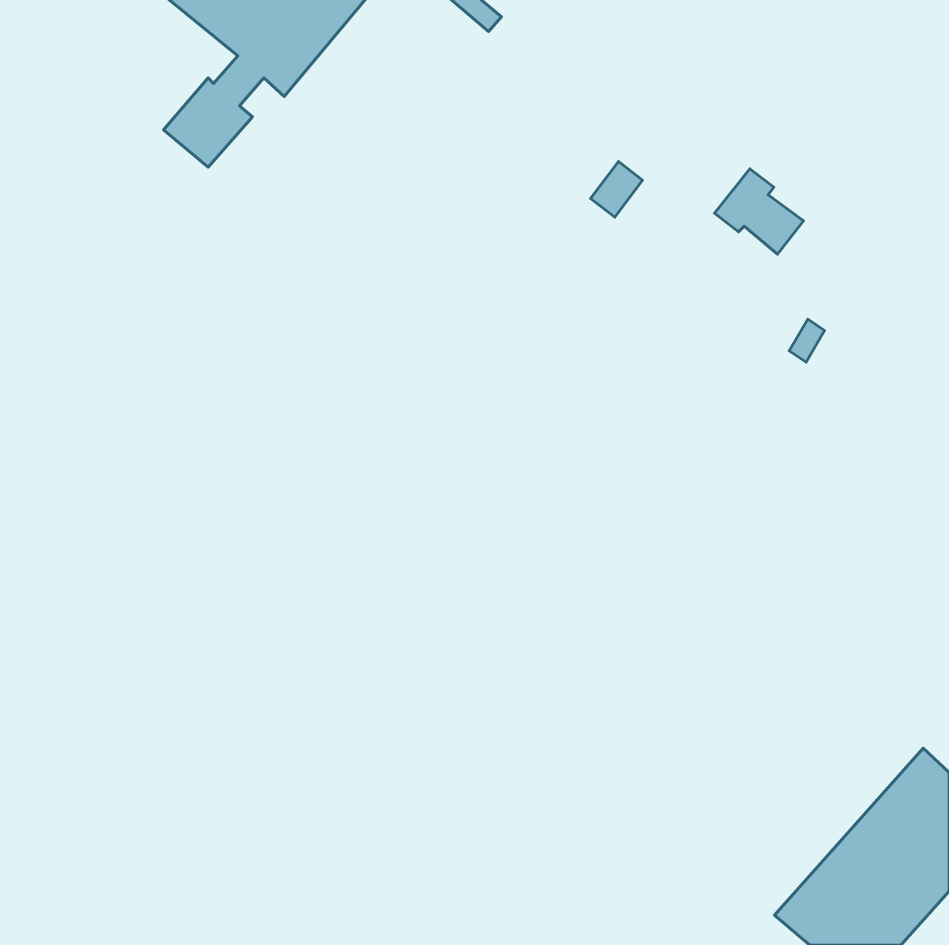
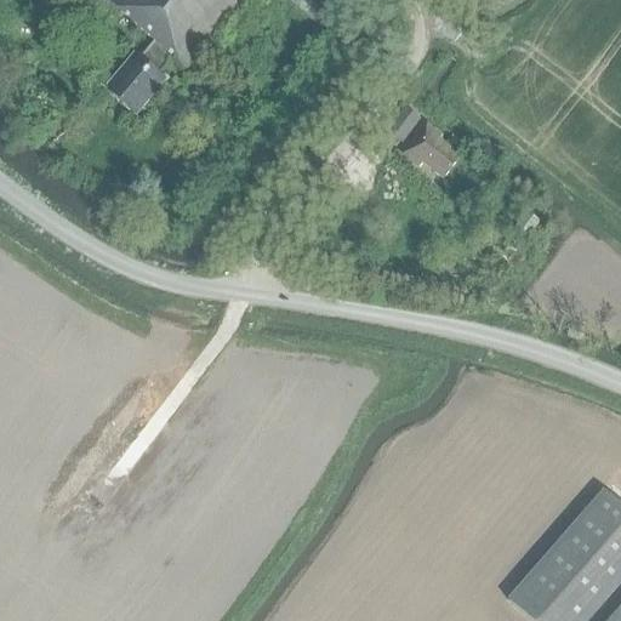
building: [714,169,804,254] -> [403,120,461,176]

